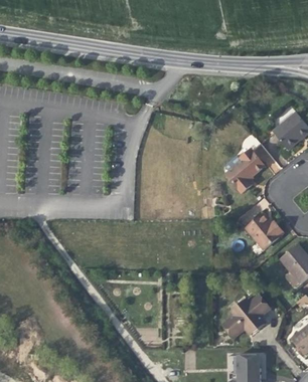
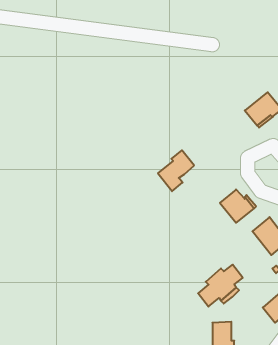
building: [225,149,264,192] -> [158,150,194,191]

